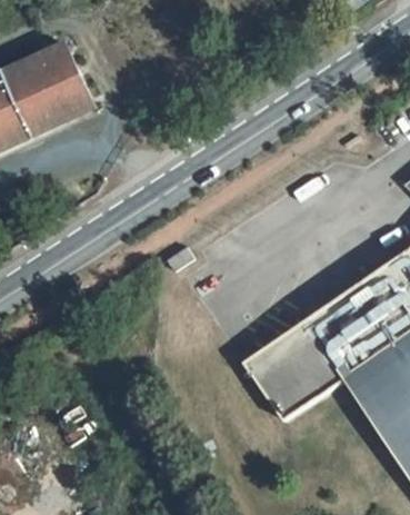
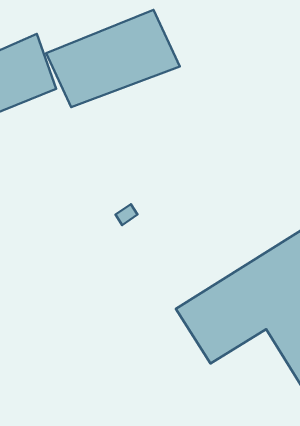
building: none -> [46,10,180,107]

